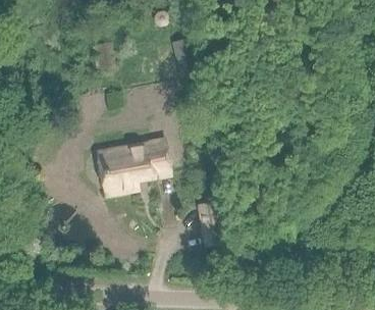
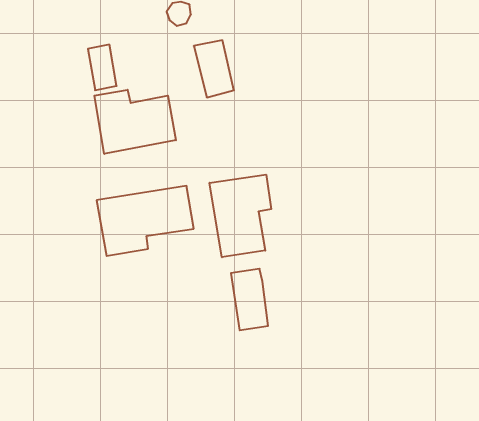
building: none -> [94,90,176,154]
building: none -> [210,175,271,257]

